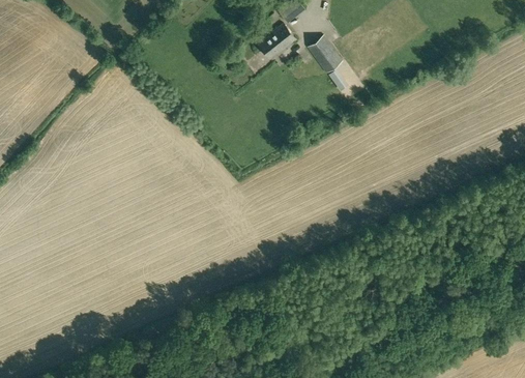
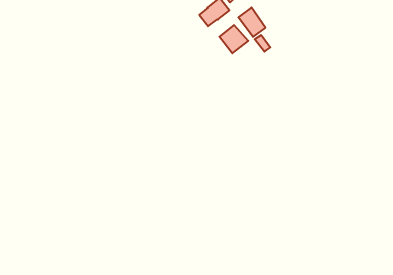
building: none -> [219,25,248,53]

